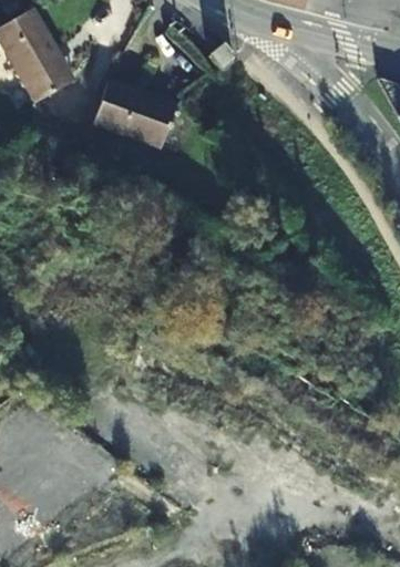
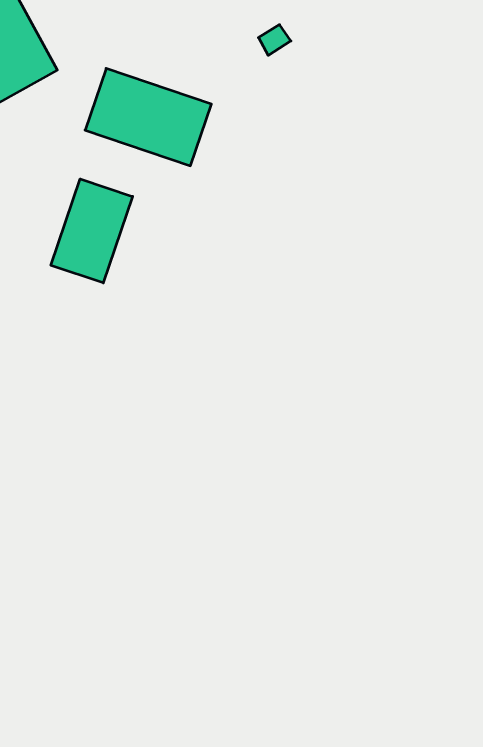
building: none -> [51,179,133,283]

